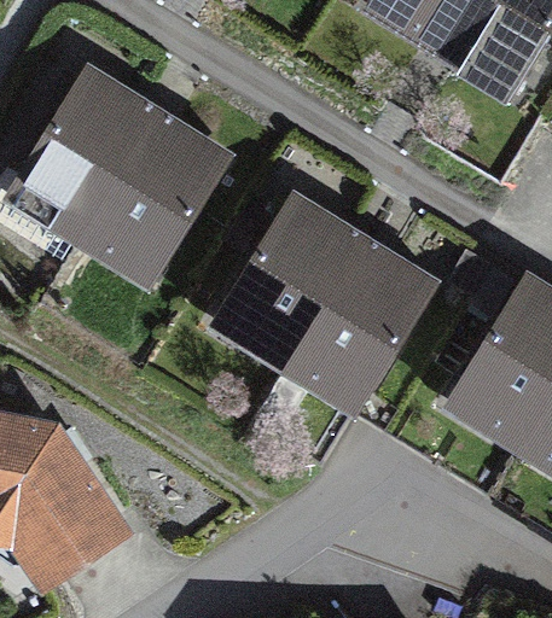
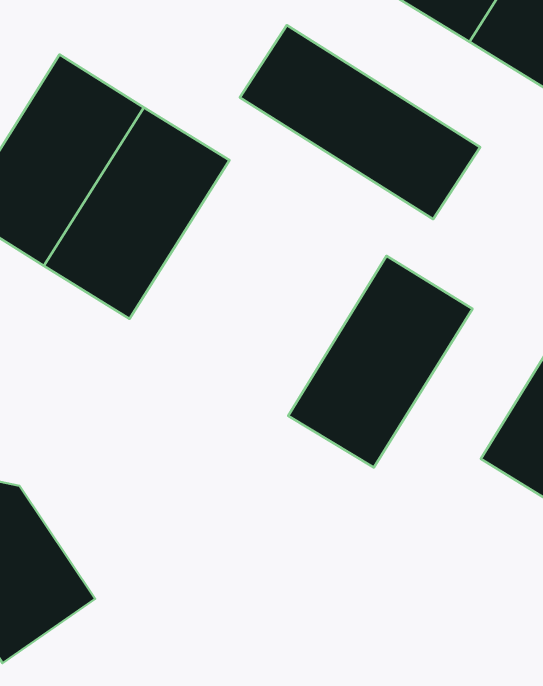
building: none -> [240,25,480,219]
building: [210,192,365,371] -> none

